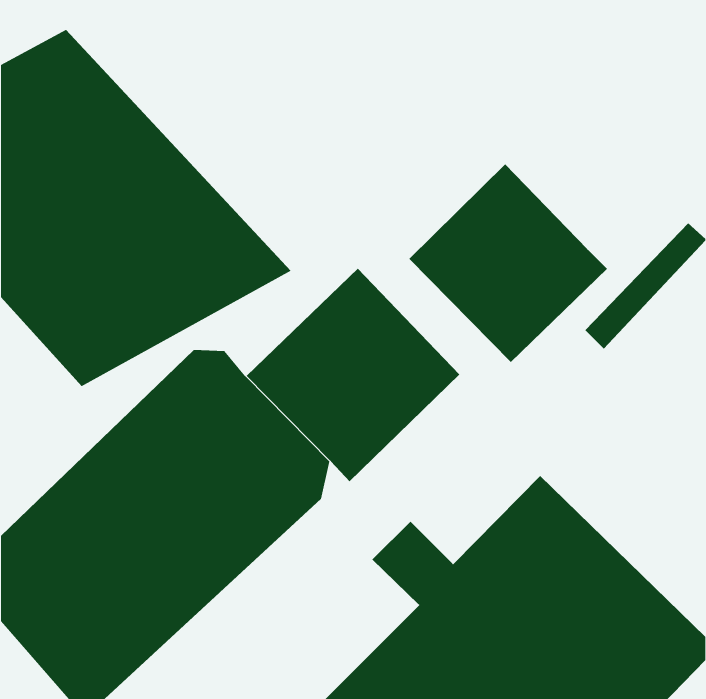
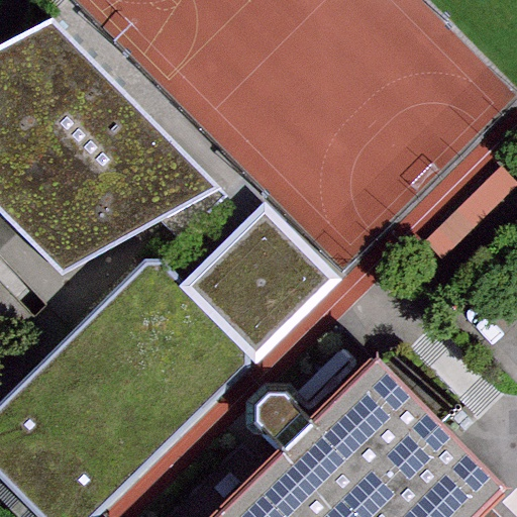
building: [408,163,608,363] -> none

